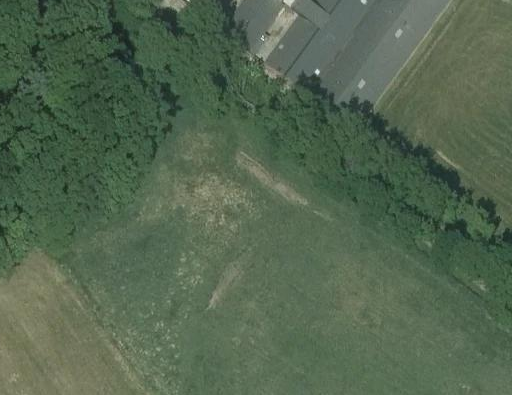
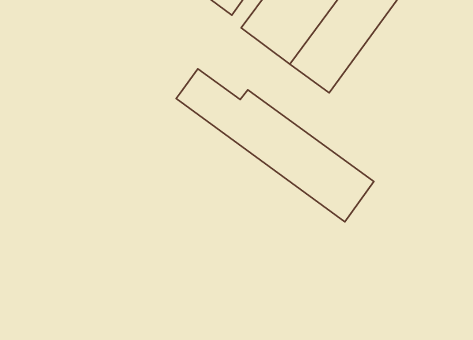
building: none -> [176,69,374,222]

